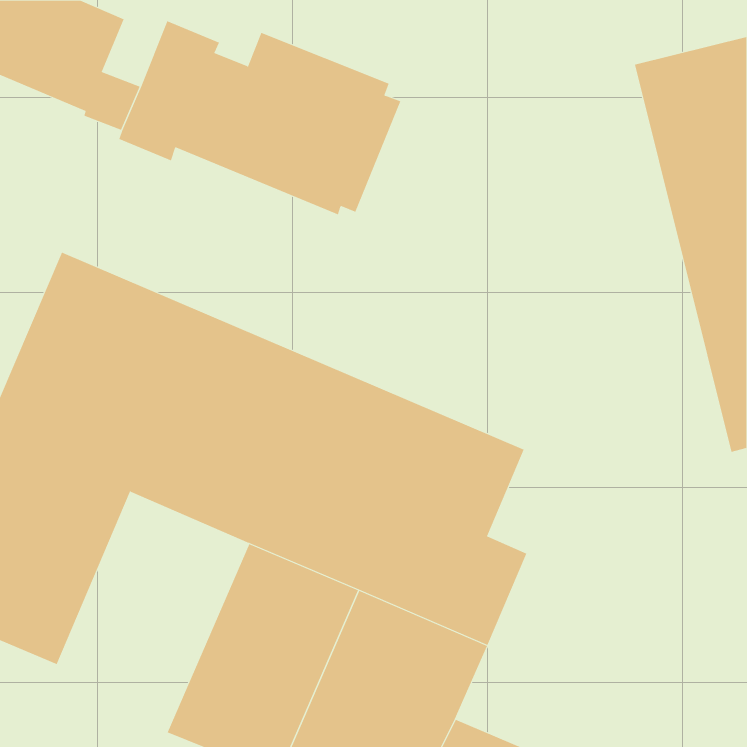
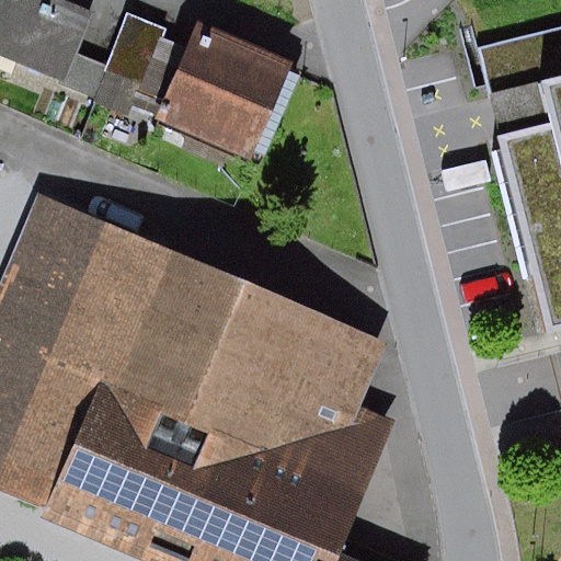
building: none -> [37,369,186,549]

